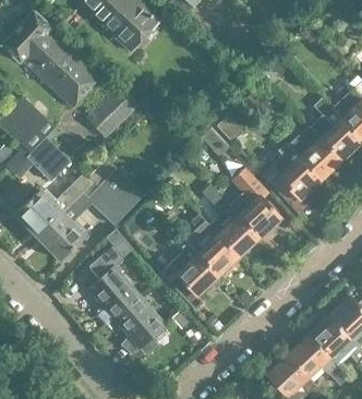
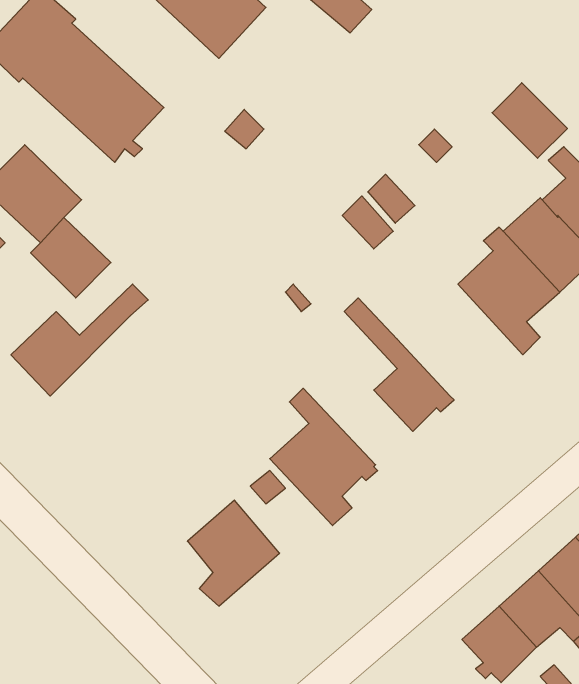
building: none -> [492,83,567,158]
building: [88,87,140,137] -> none
building: [38,169,144,259] -> none
building: [231,169,281,238] -> none
building: [192,214,240,276] -> none
building: [89,247,141,324] -> none

